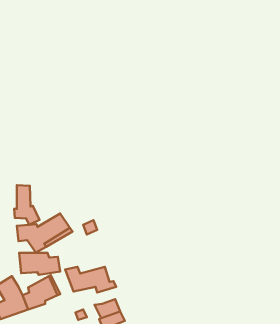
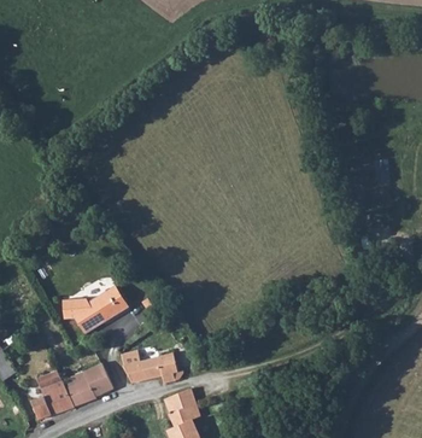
building: [14,185,40,225] -> none
building: [19,253,60,275] -> none

